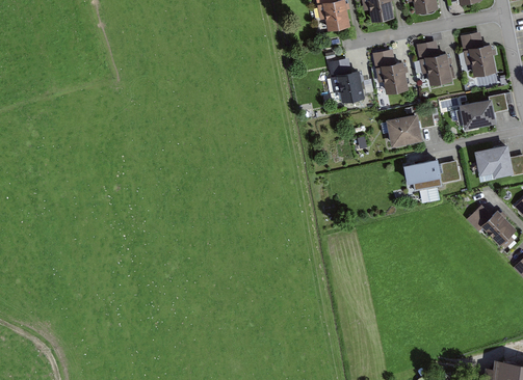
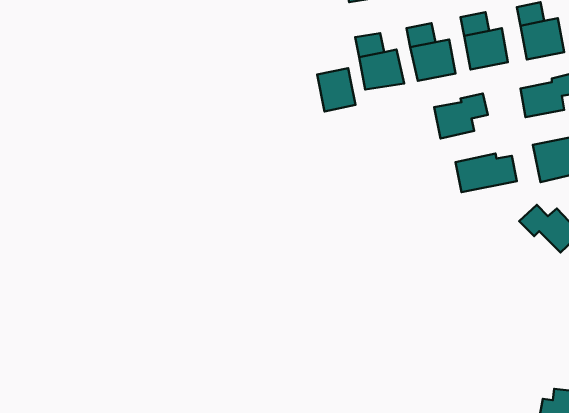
building: none -> [317,68,355,111]

